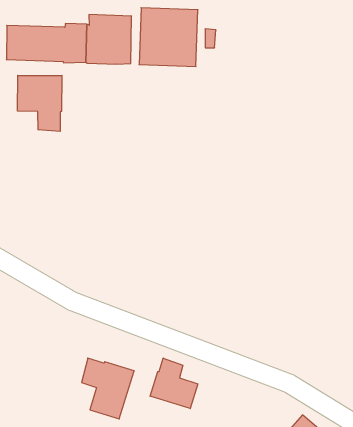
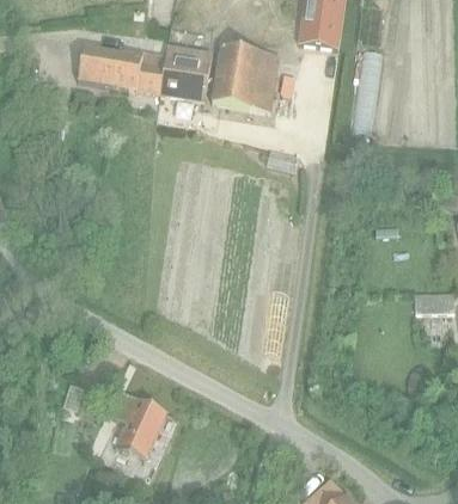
building: [18,75,62,131] -> none
building: [150,358,198,409] -> none

